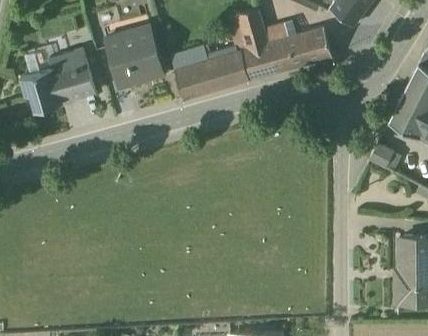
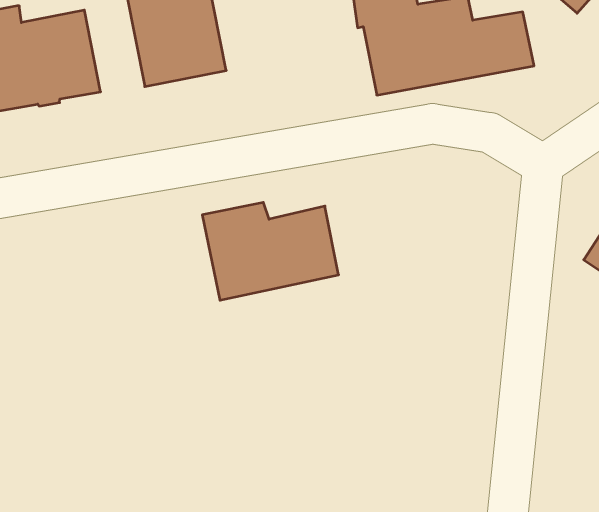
building: [169,44,247,101] -> [202,202,339,300]

